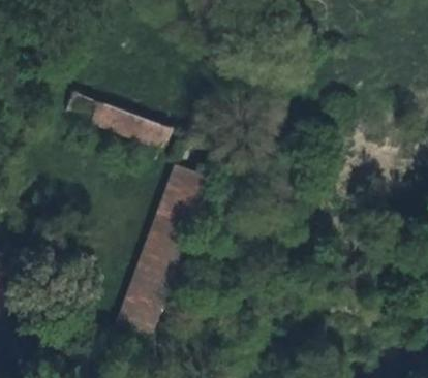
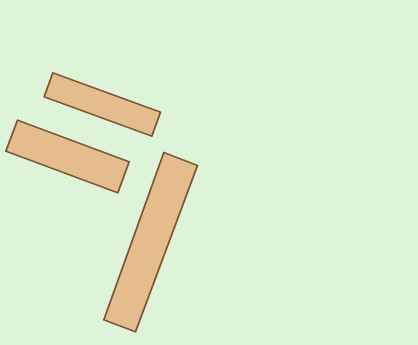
building: none -> [6,120,129,193]

